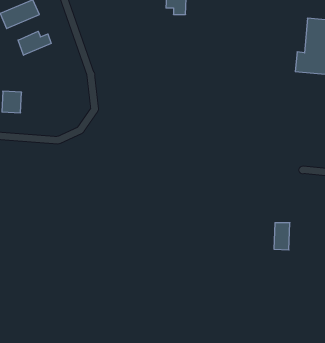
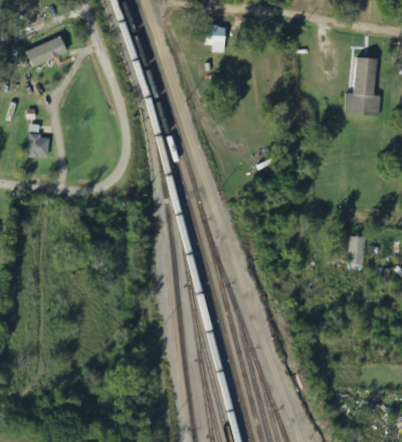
building: [18,31,51,55] -> none
building: [274,223,290,250] -> [346,235,363,264]

